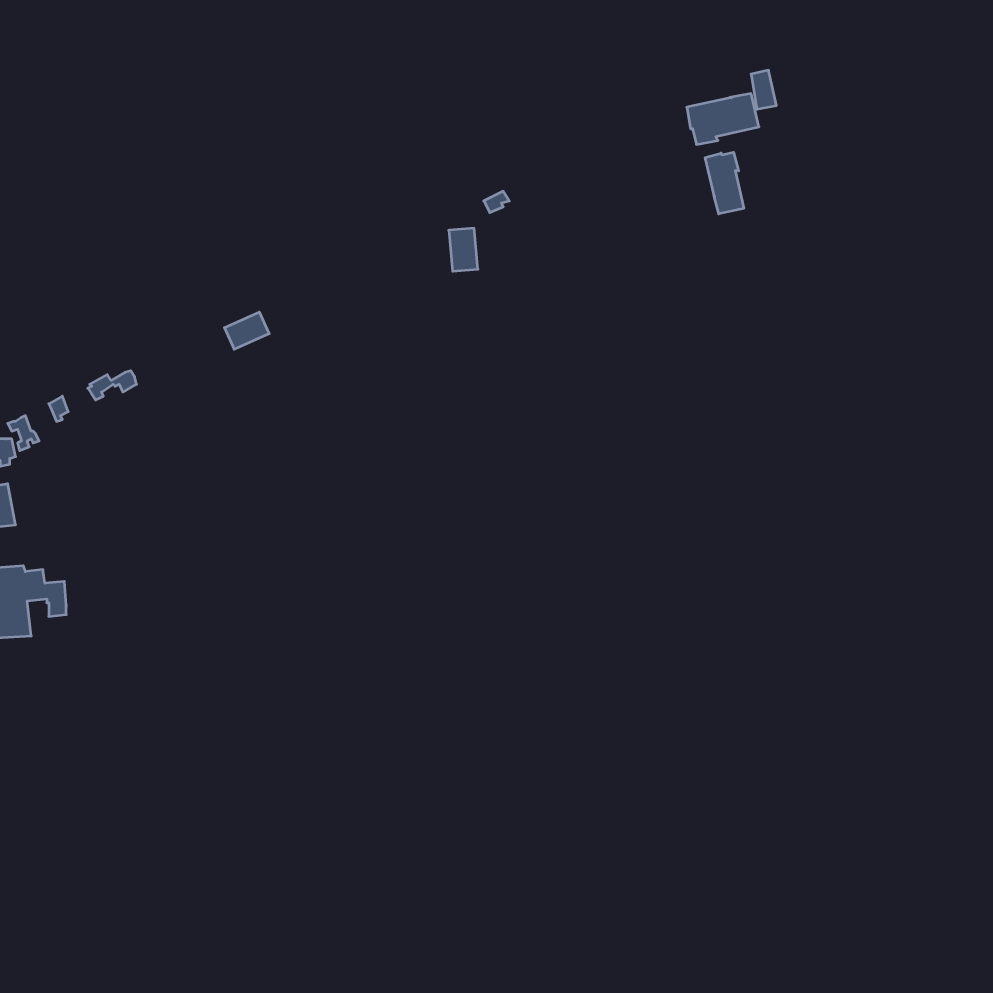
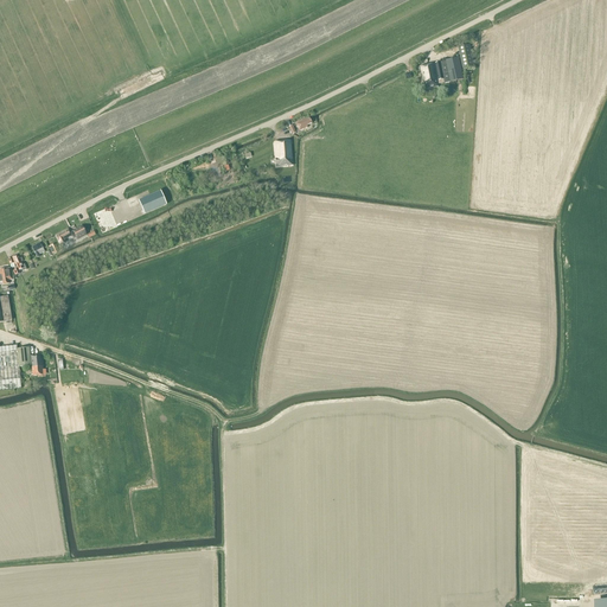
building: [705,152,744,214] -> none

